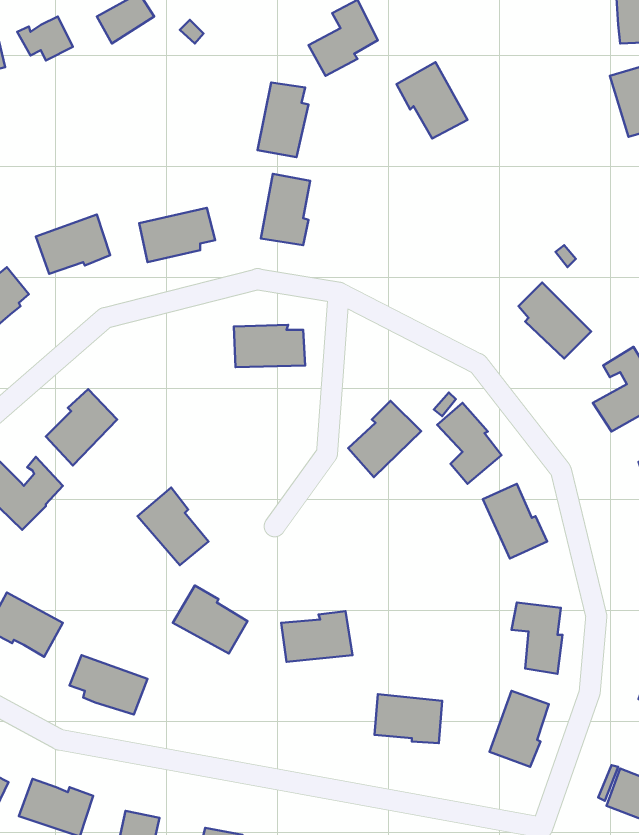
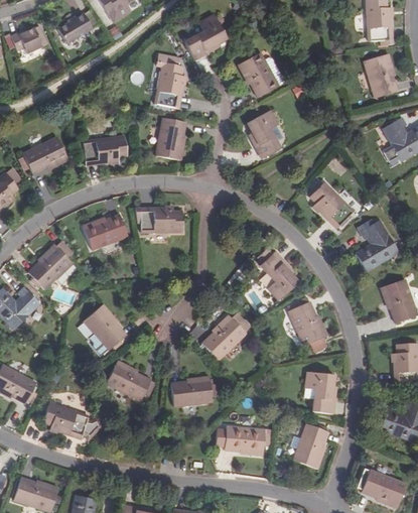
building: none -> [247,109,280,157]
building: none -> [82,217,127,251]
building: [348,401,421,477] -> [201,315,245,361]

